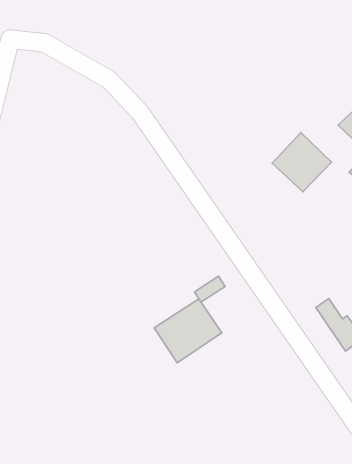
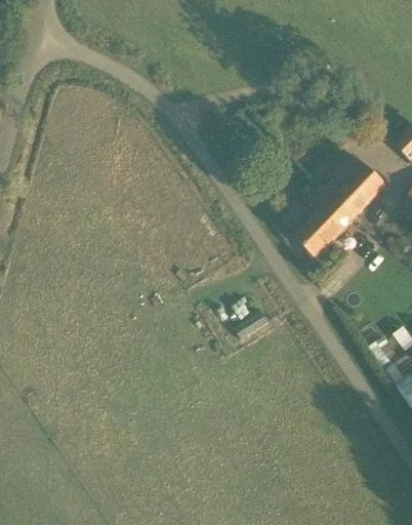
building: none -> [297,186,357,257]
building: [154,299,222,363] -> none

